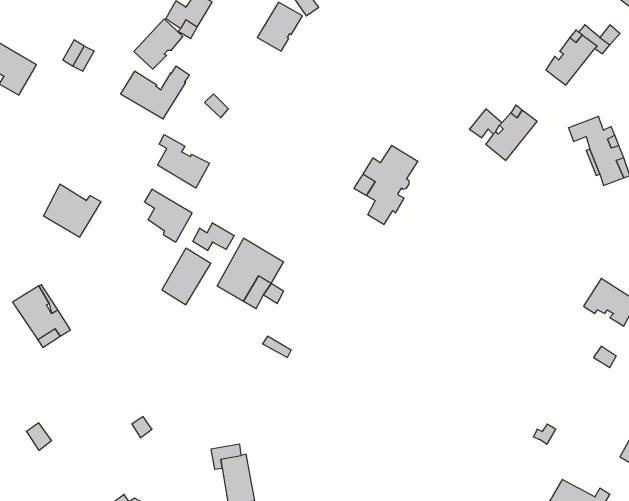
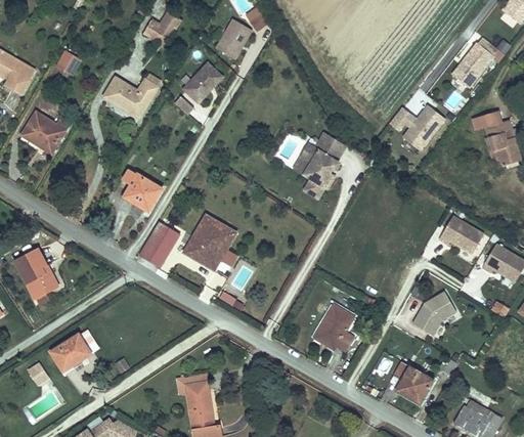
building: [134,19,183,69] -> [182,60,222,101]
building: [157,135,209,188] -> none
building: [43,184,101,237] -> [24,111,71,154]
building: [193,223,234,251] -> none
building: none -> [436,213,481,252]
building: none -> [412,290,455,334]
building: none -> [315,304,356,354]
building: none -> [49,339,90,379]
building: none -> [393,364,437,407]

